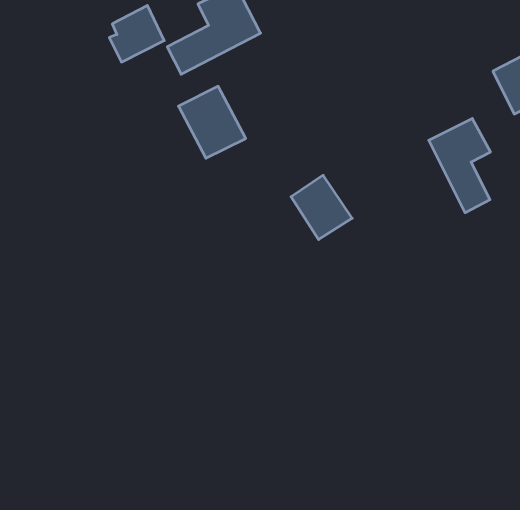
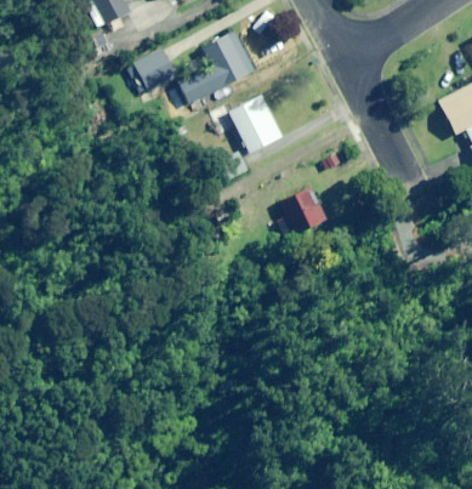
building: [178,86,246,158] -> [228,95,282,152]
building: [429,118,490,213] -> none

